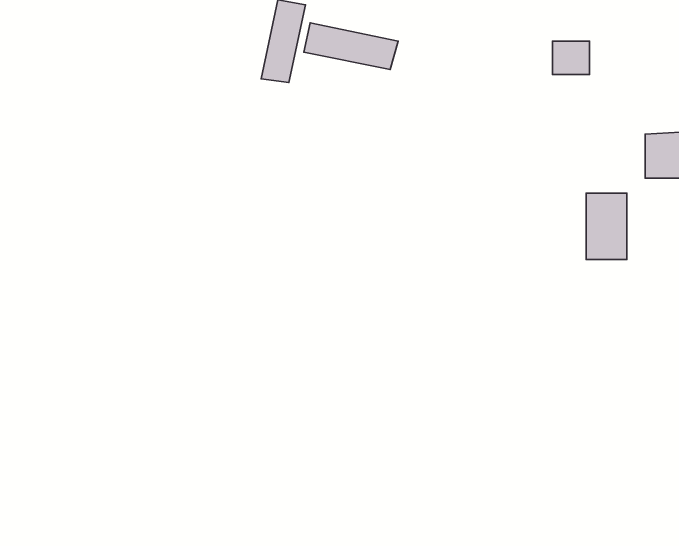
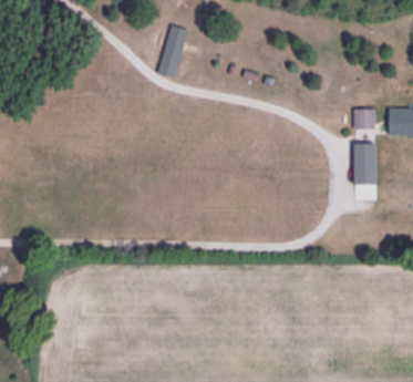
building: [304,23,398,70] -> none
building: [552,41,589,75] -> [352,107,374,127]

